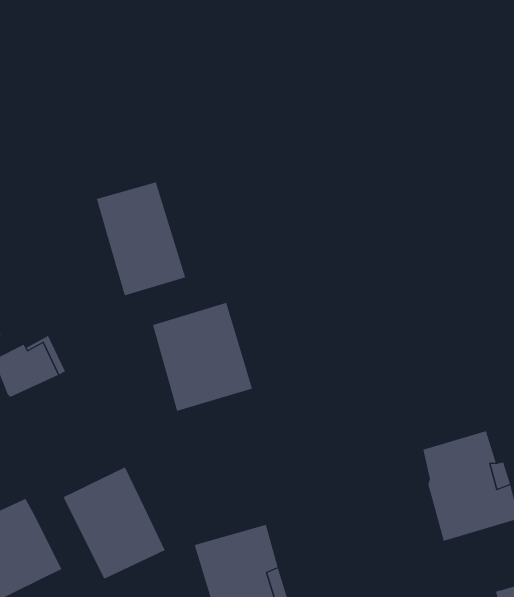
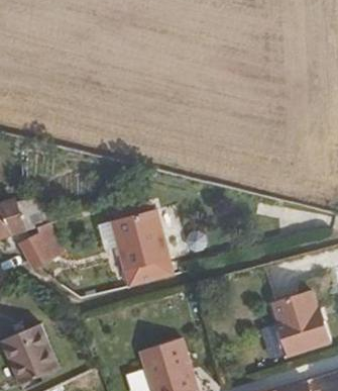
building: [96,181,186,296] -> none
building: [63,467,165,580] -> none

